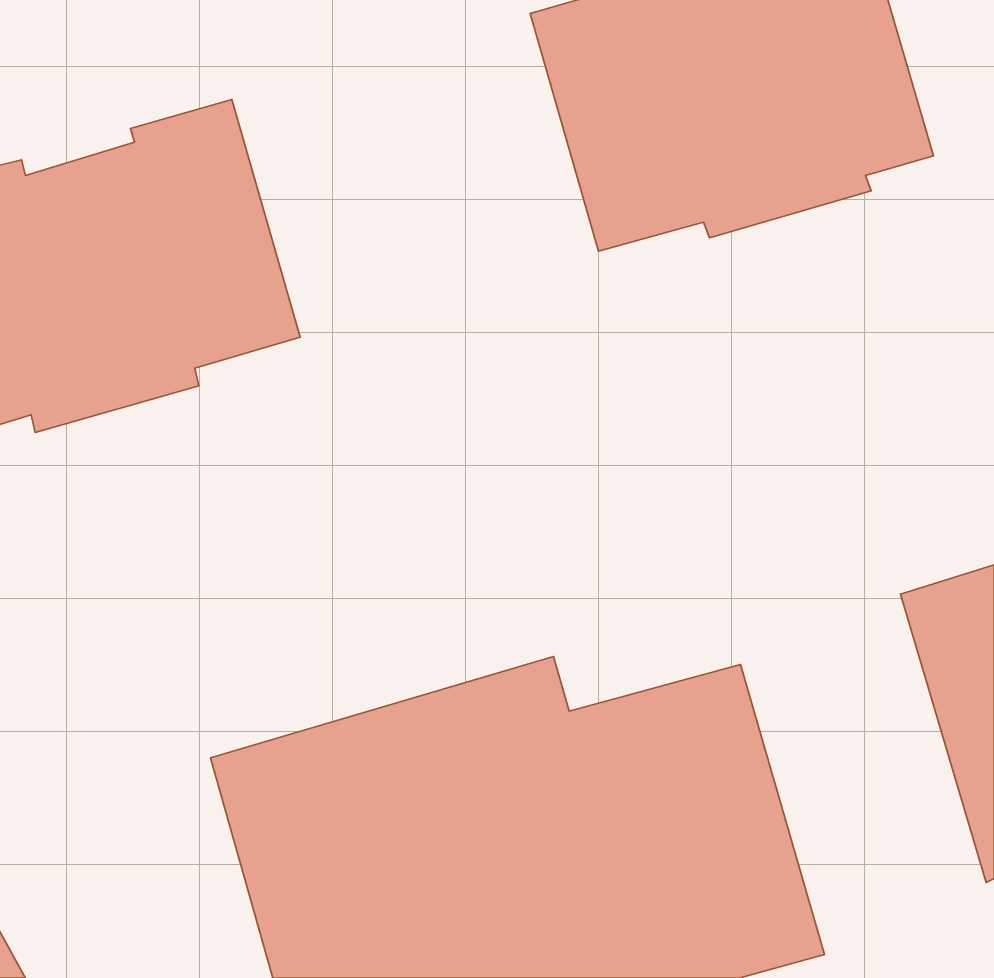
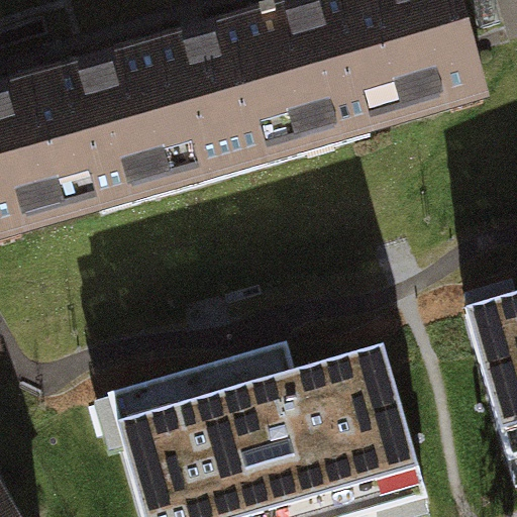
building: none -> [120,7,310,175]

